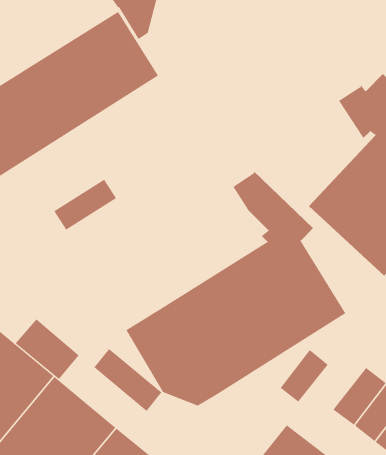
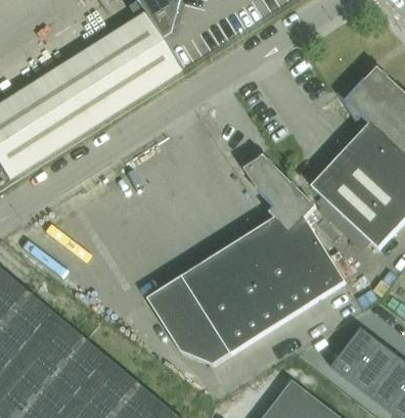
building: [53,179,117,231] -> none
building: [15,318,79,380] -> none
building: [93,348,162,412] -> none
building: [280,349,329,402] -> none

